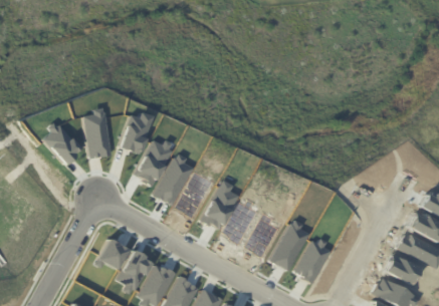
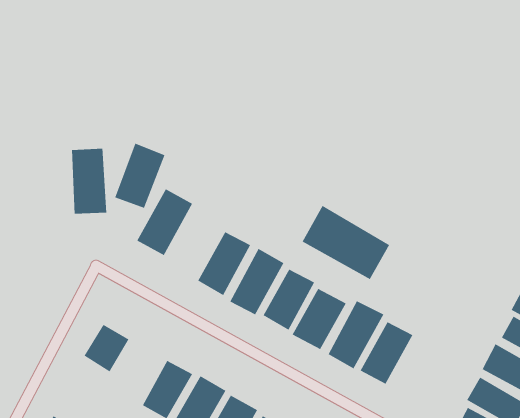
building: [44,121,83,165] -> none
building: none -> [301,205,390,280]
building: [156,154,196,205] -> none
building: [116,248,153,291] -> none

